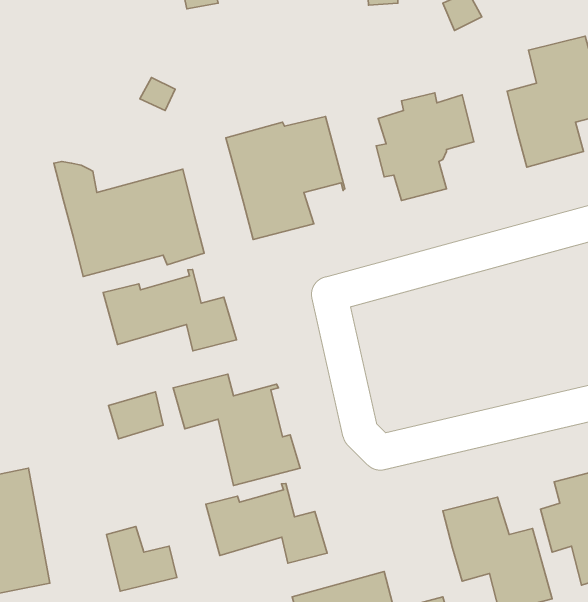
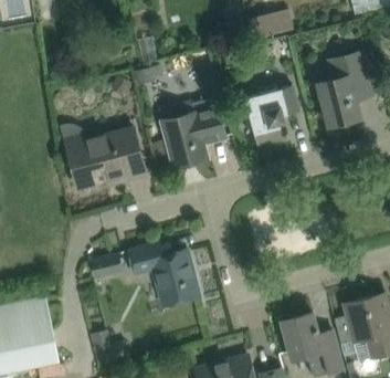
building: [103,269,236,351] -> none
building: [206,483,327,563] -> none

